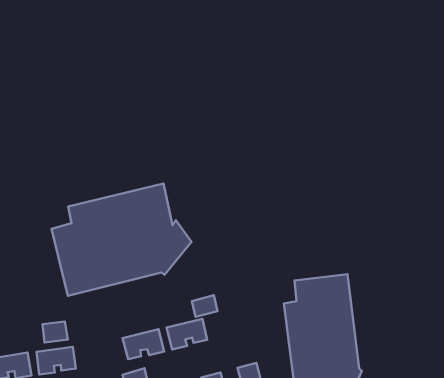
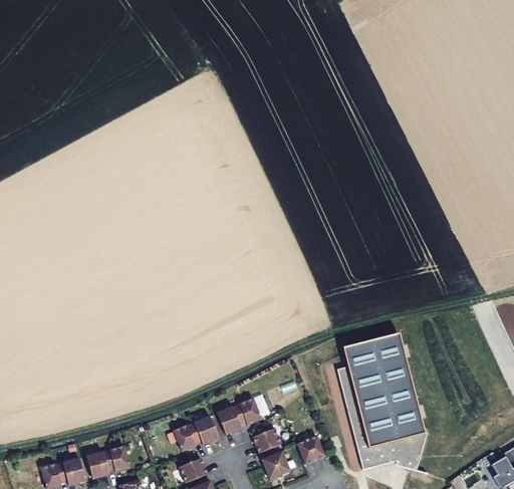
building: [51,183,191,296] -> none
building: [192,295,217,317] -> [252,428,280,453]
building: [43,322,68,343] -> none

